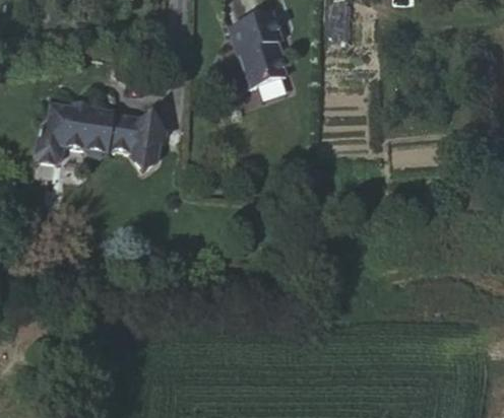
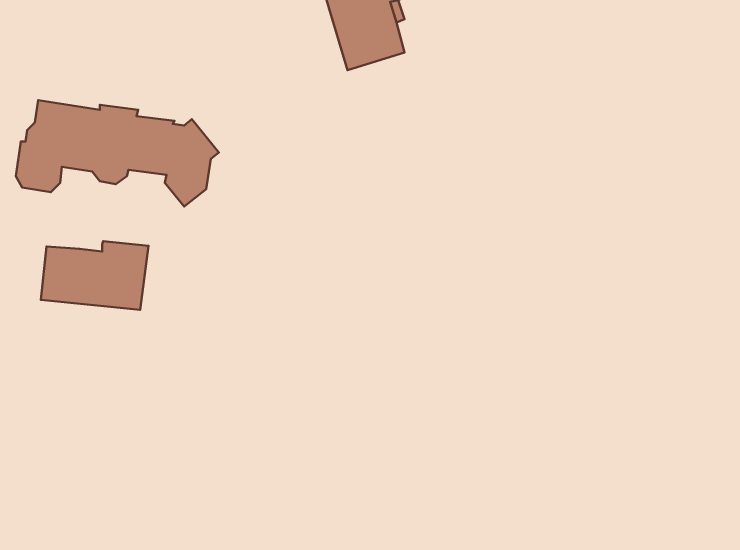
building: none -> [41,241,149,310]

